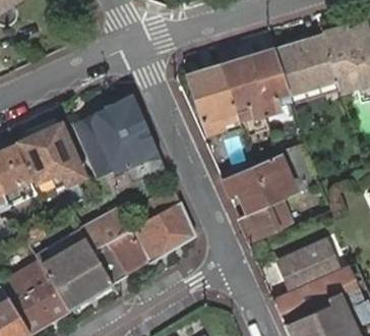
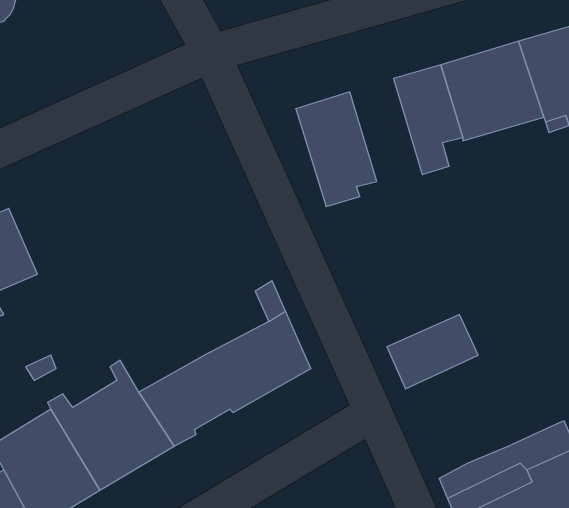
building: [221,59,264,121] -> none
building: [75,95,153,174] -> none
building: [22,117,85,185] -> none
building: [224,157,298,218] -> none
building: [82,206,133,248] -> none
building: [281,239,347,291] -> none

